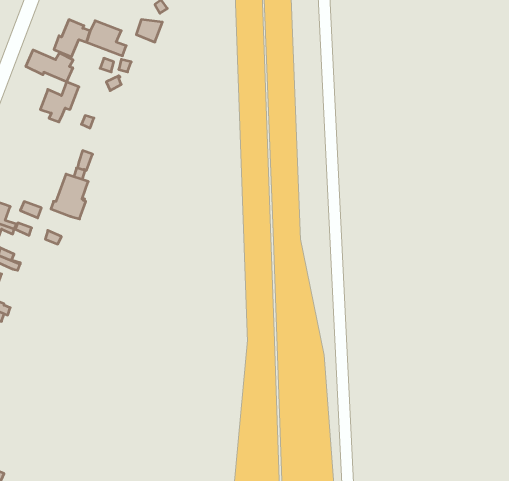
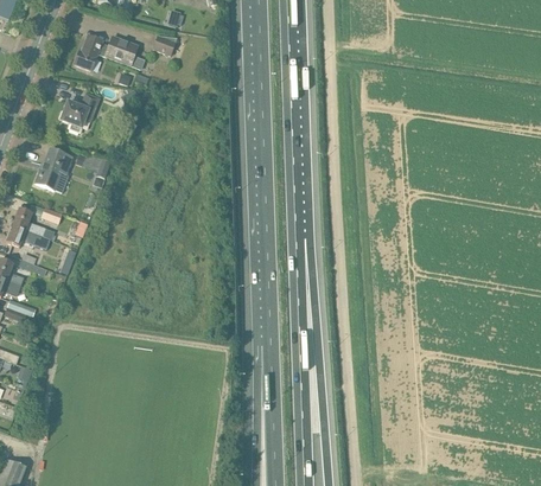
building: [26,50,73,82] -> none
building: [51,174,88,219] -> [34,149,70,192]

